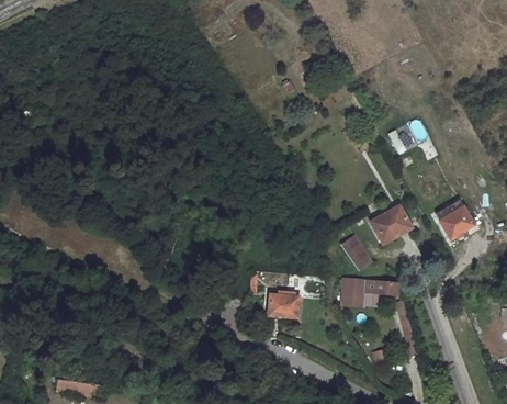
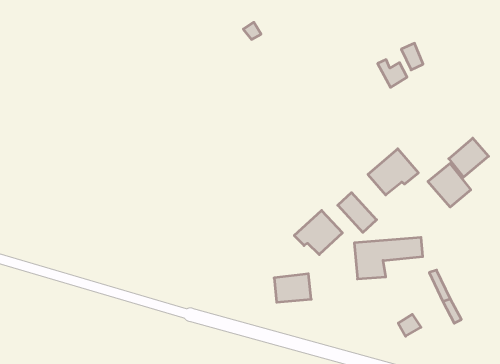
building: none -> [428,164,471,207]
building: none -> [294,210,342,255]

